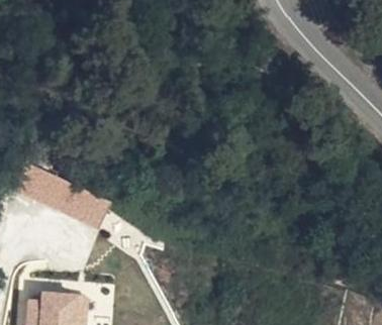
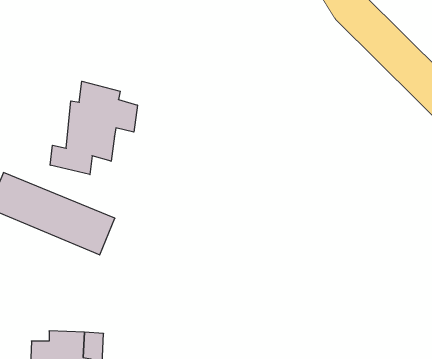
building: none -> [50,81,137,175]

